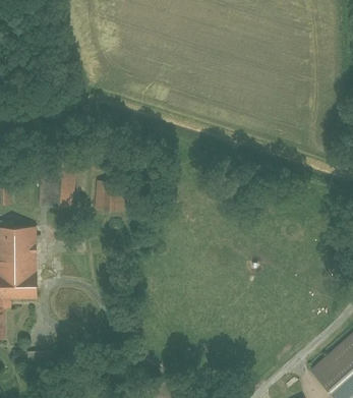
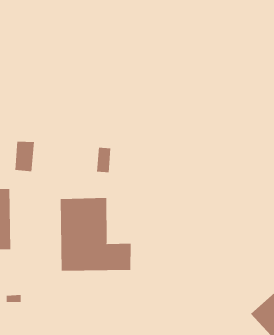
building: [96,182,113,212] -> [96,147,111,173]
building: none -> [60,197,131,271]

